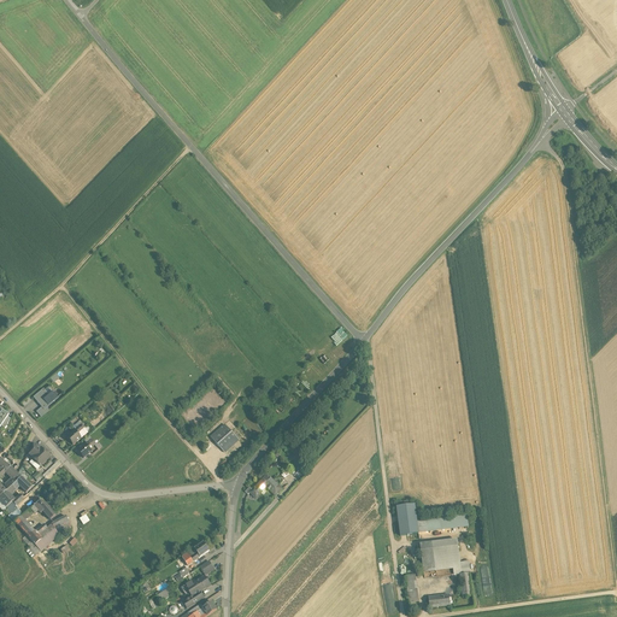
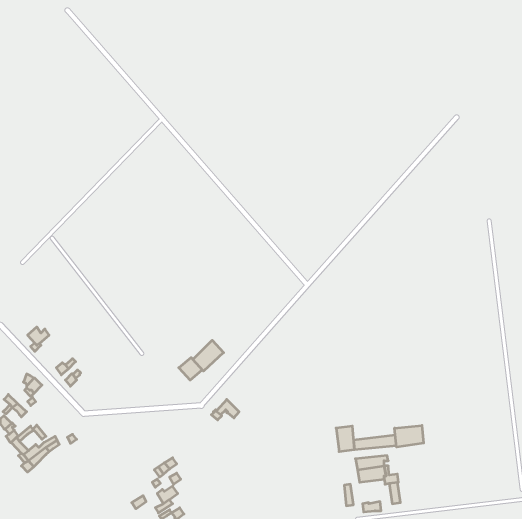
building: none -> [193,340,224,371]
building: none -> [395,425,424,447]

